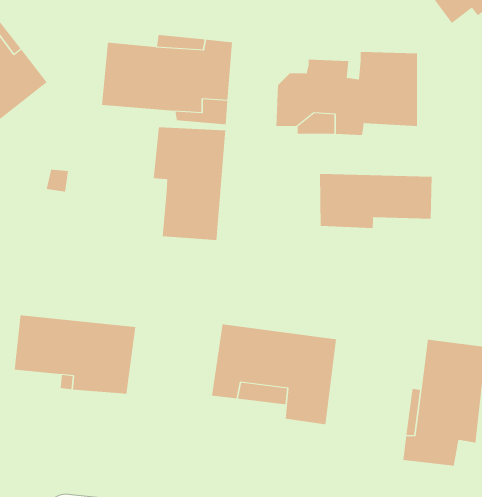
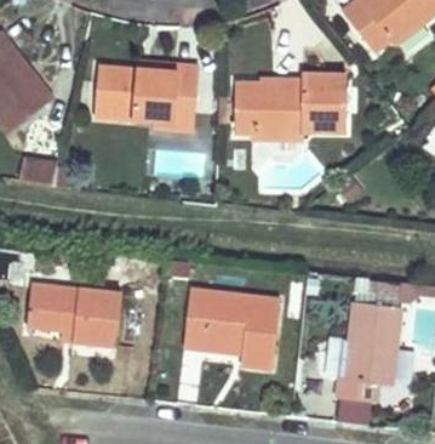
building: [153,127,226,241] -> none
building: [319,173,432,229] -> none

